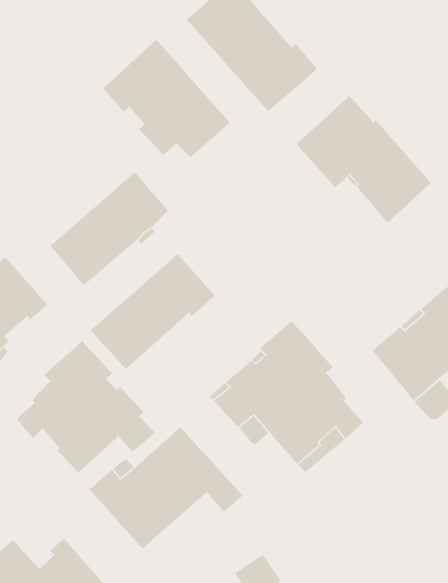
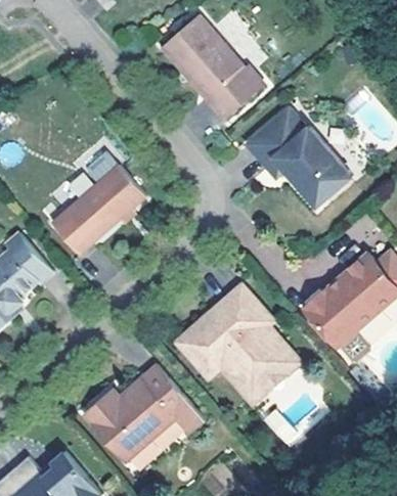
building: [103,39,230,158] -> none
building: [90,253,215,370] -> none
building: [16,340,156,473] -> none

